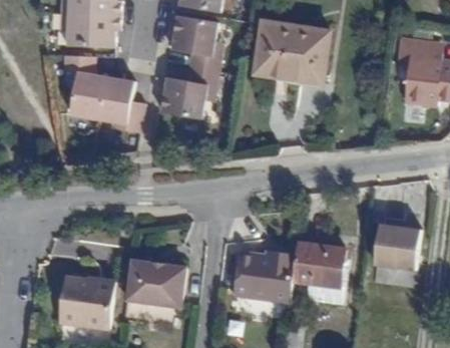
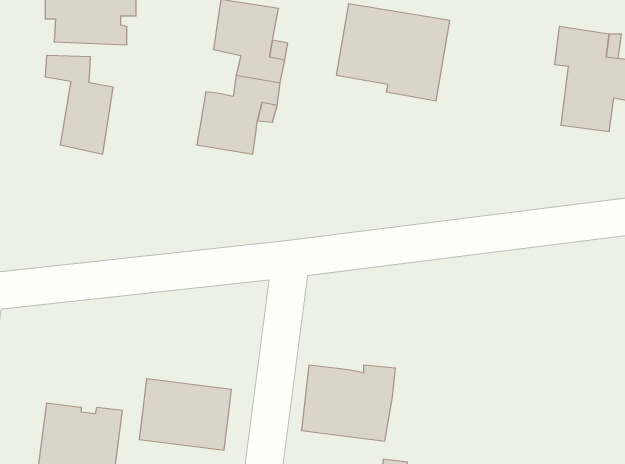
building: [99,73,144,129] -> none
building: [373,219,419,266] -> none
building: [291,240,349,302] -> none

